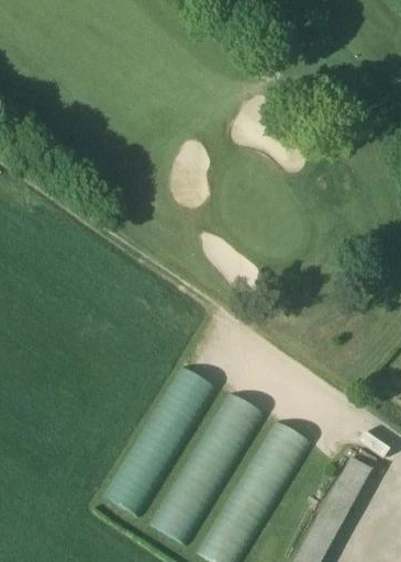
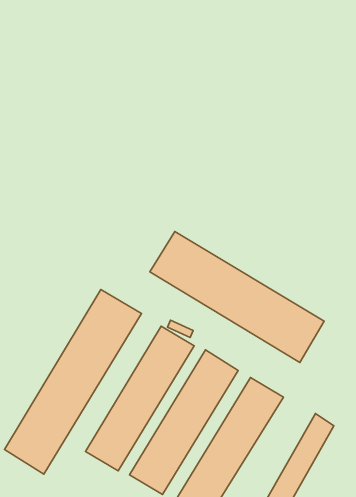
building: none -> [150,232,324,363]
building: none -> [4,289,142,474]

